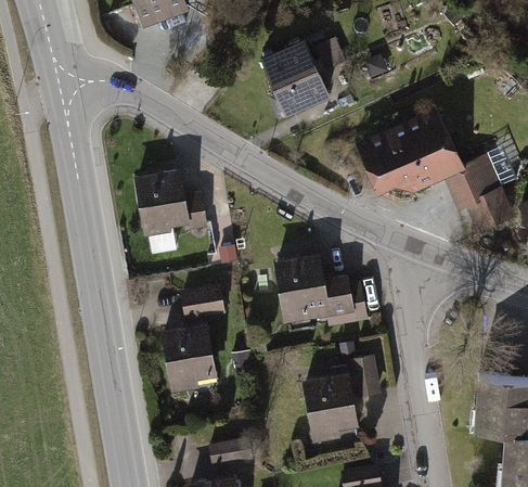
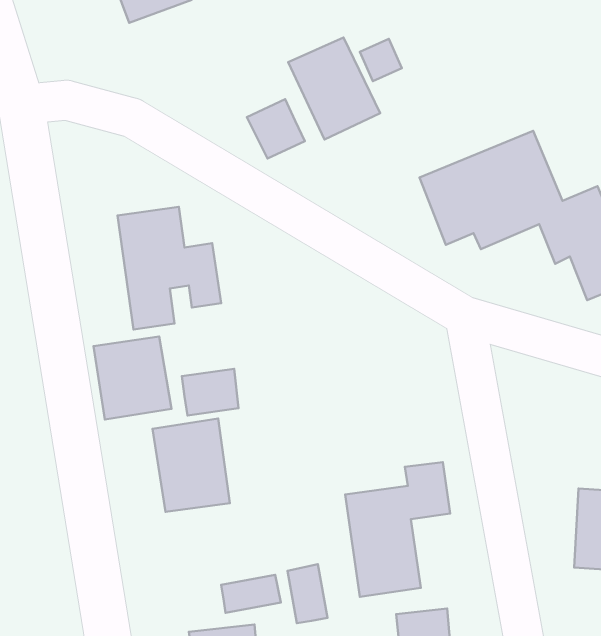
building: none -> [247,99,305,158]
building: [270,249,364,330] -> none
building: none -> [93,337,172,420]
building: none -> [287,564,328,623]

